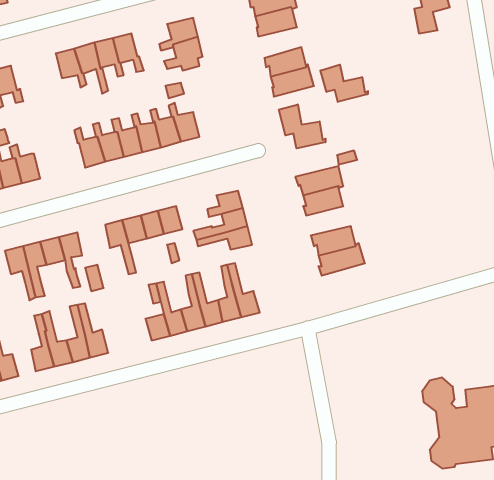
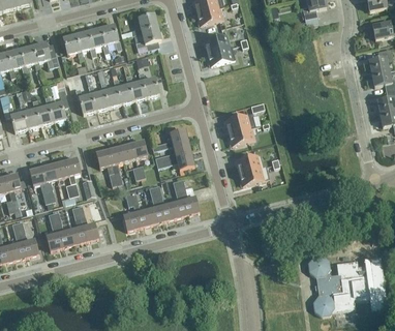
building: none -> [33,41,59,67]
building: [320,65,368,102] -> none
building: [279,104,326,148] -> none
building: none -> [44,89,69,121]

